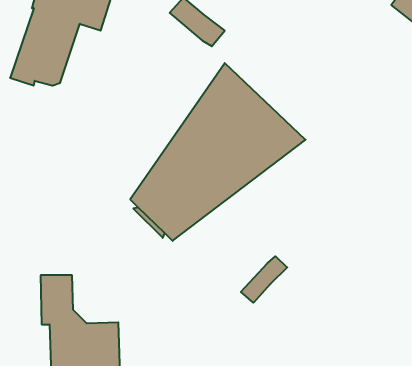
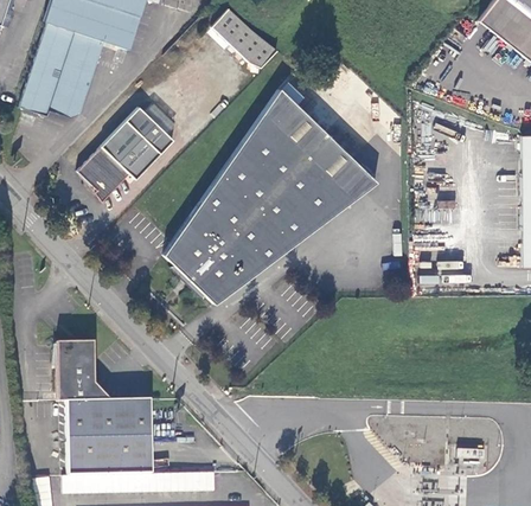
building: none -> [78,107,174,203]
building: [241,256,287,303] -> none

